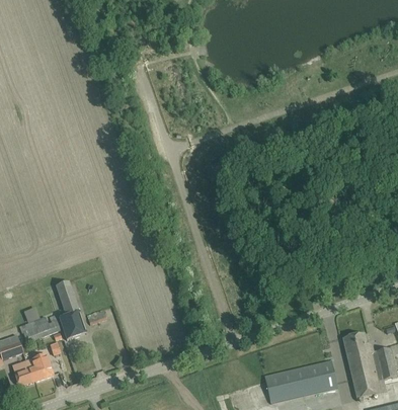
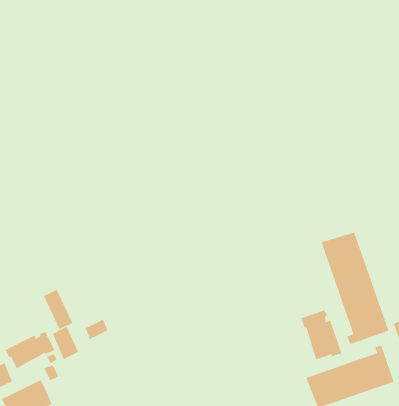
building: none -> [321,232,389,345]
building: none -> [301,310,342,360]

